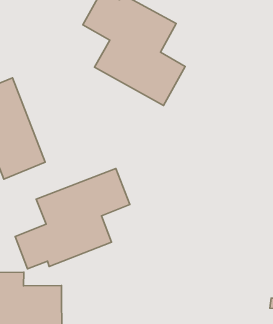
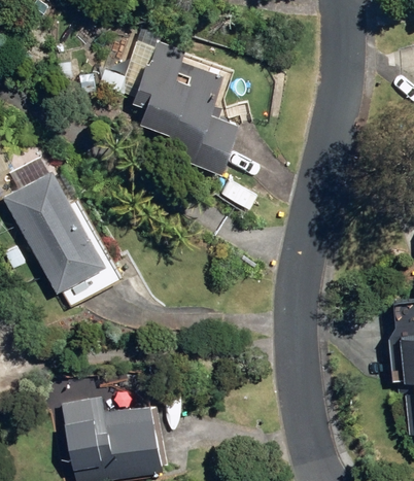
building: [15,168,130,269] -> none

